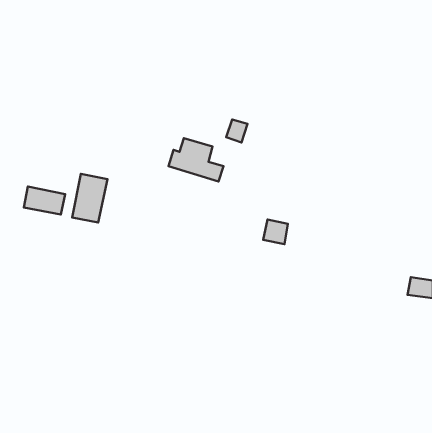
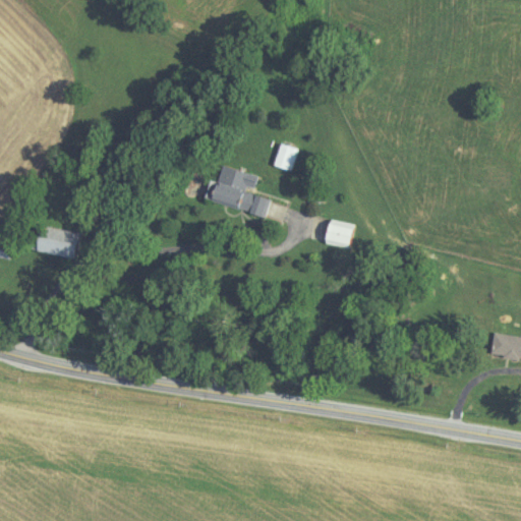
building: [72,174,108,223] -> none
building: [263,220,288,244] -> [324,219,353,248]

